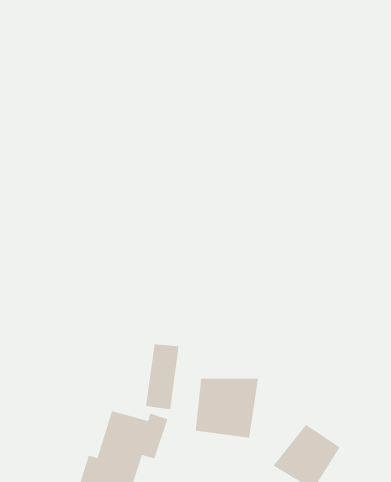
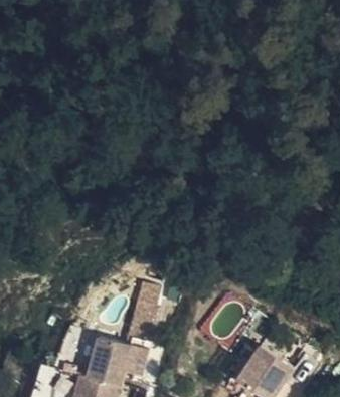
building: [195,378,259,439] -> none

